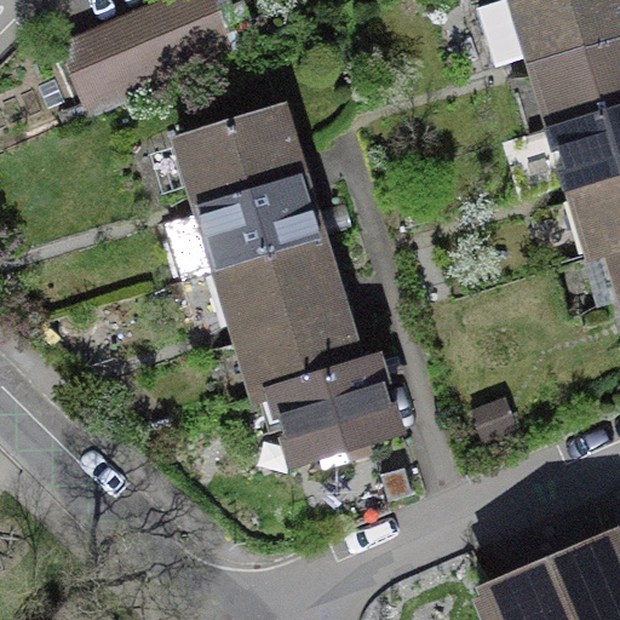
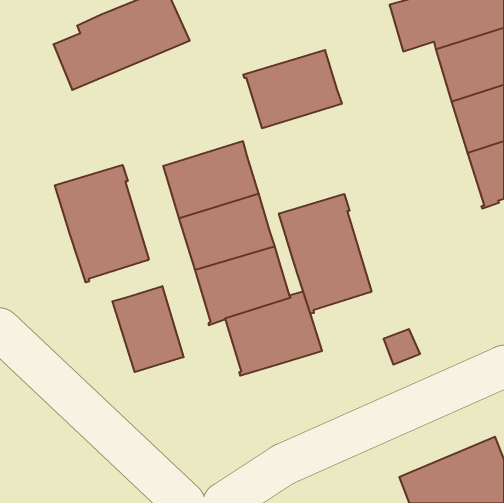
building: [177,108,298,203] -> [243,50,342,128]
building: none -> [55,165,149,282]
building: none -> [279,194,371,314]
building: none -> [112,286,184,372]

